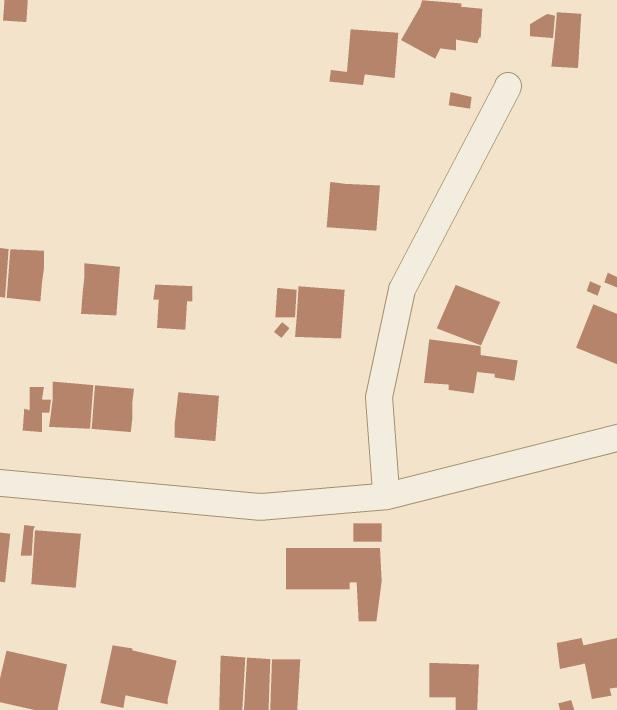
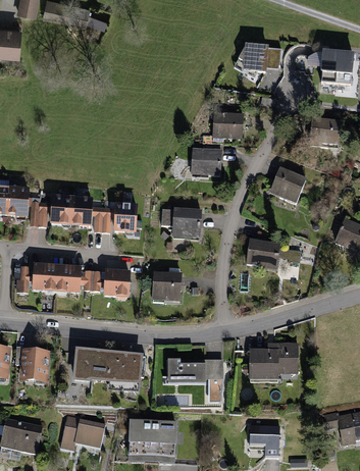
building: none -> [337,51,354,84]
building: [328,29,399,85] -> [202,111,243,144]
building: none -> [310,117,342,146]
building: none -> [70,197,92,226]
building: none -> [28,198,51,227]
building: none -> [113,203,137,232]
building: [436,284,501,346] -> [269,167,307,203]
building: none -> [80,270,104,292]
building: none -> [152,271,183,301]
building: none -> [249,343,298,379]
building: none -> [71,347,144,394]

